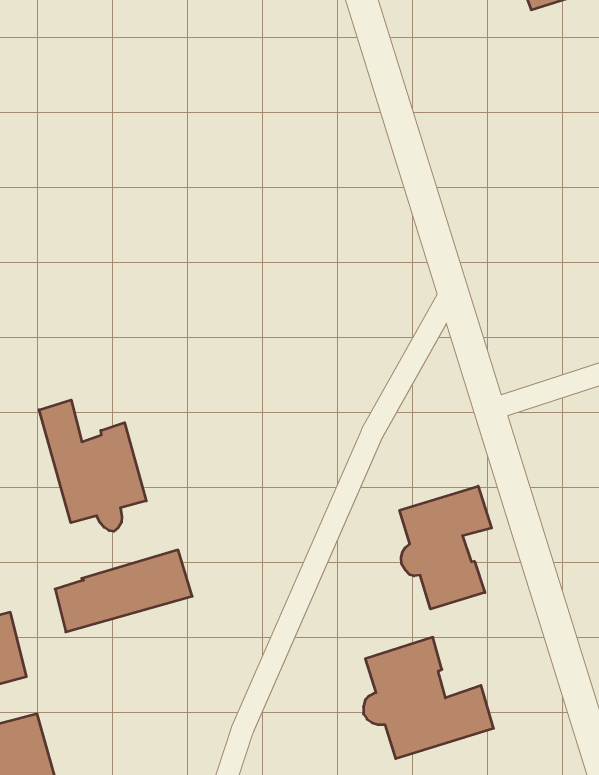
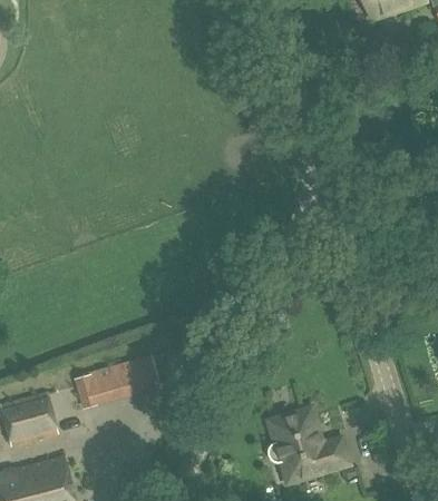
building: [39,400,146,531] -> none
building: [400,486,492,609] -> none

